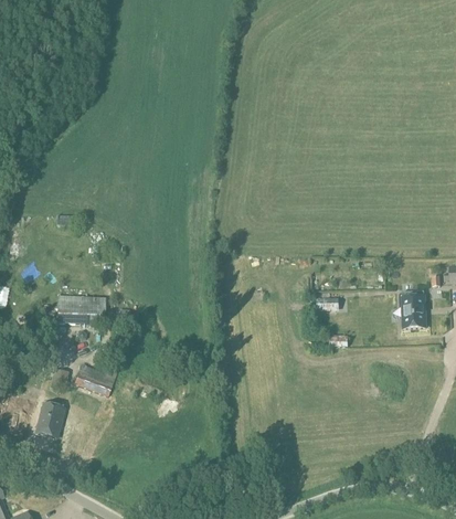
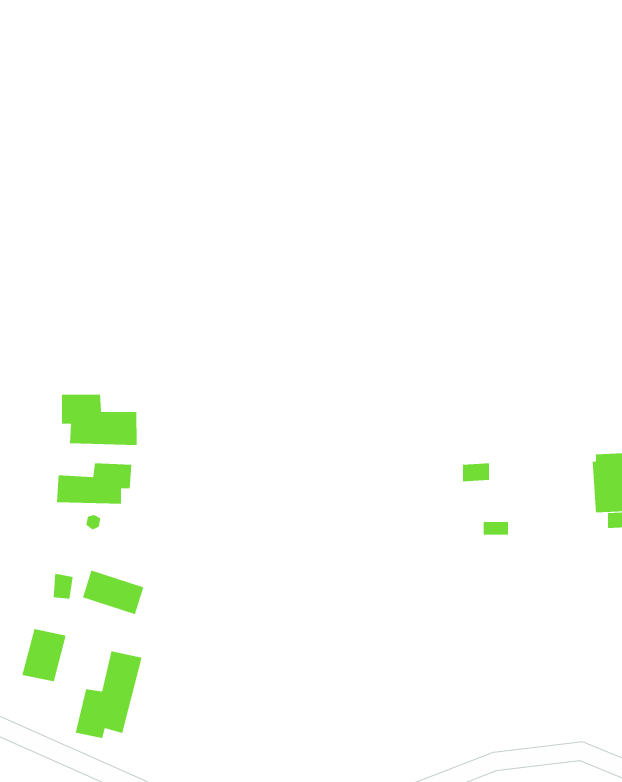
building: none -> [61,394,137,446]
building: none -> [75,650,142,739]

